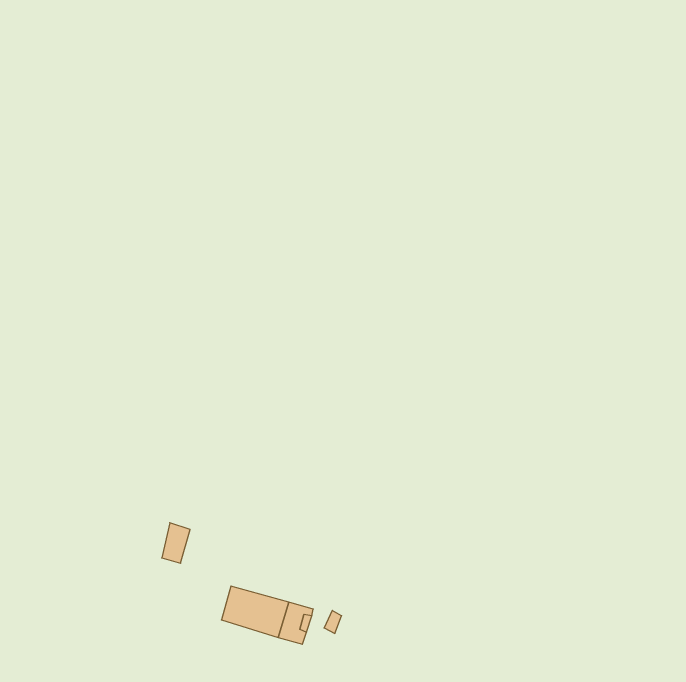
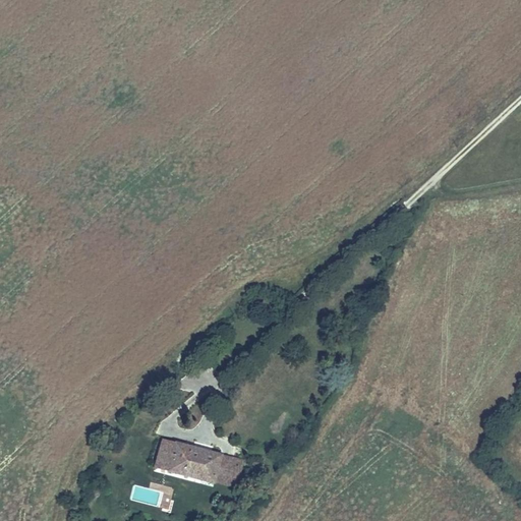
building: [162,523,190,563] -> [156,437,177,467]

